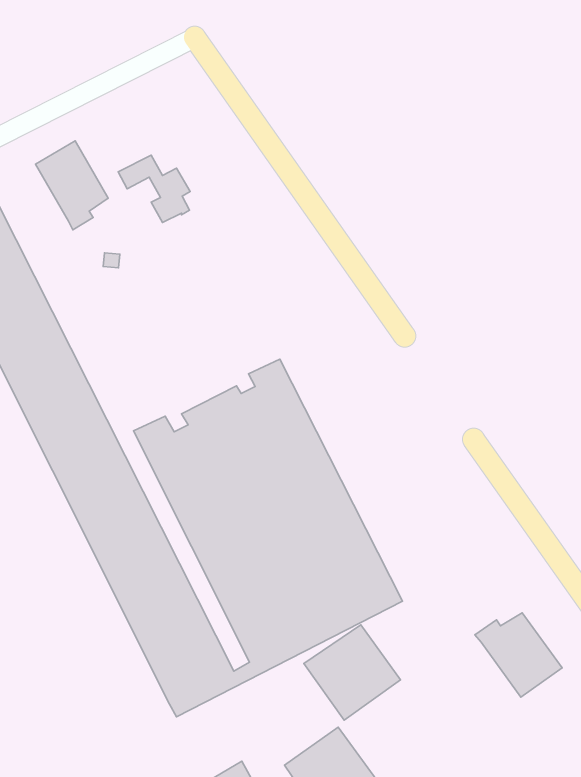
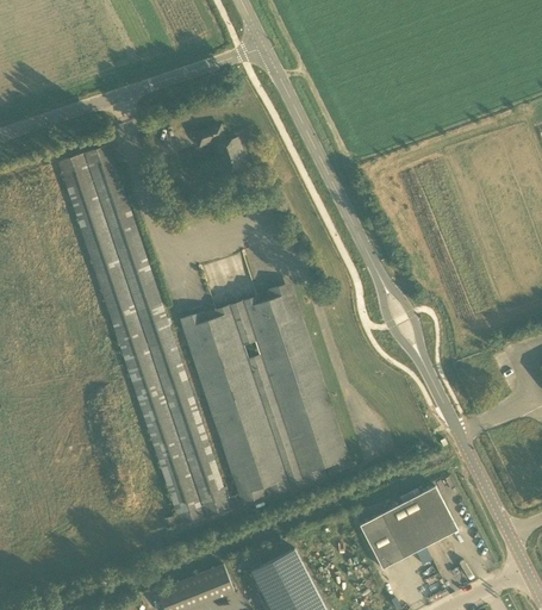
building: [36,141,108,230] -> none
building: [304,625,401,720] -> [357,503,424,568]

